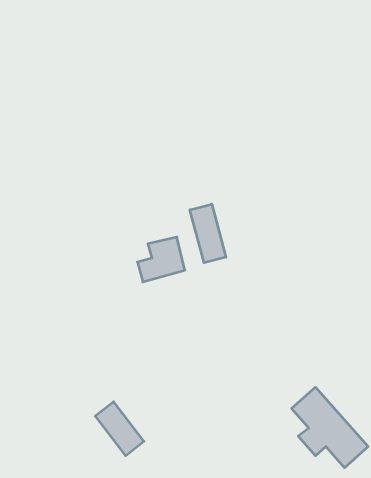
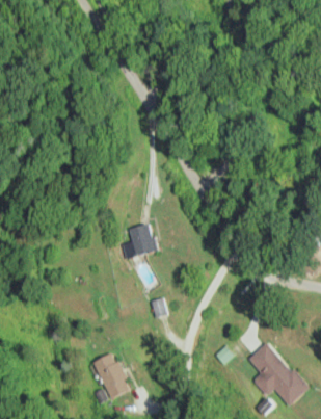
building: [190,204,226,263] -> none

